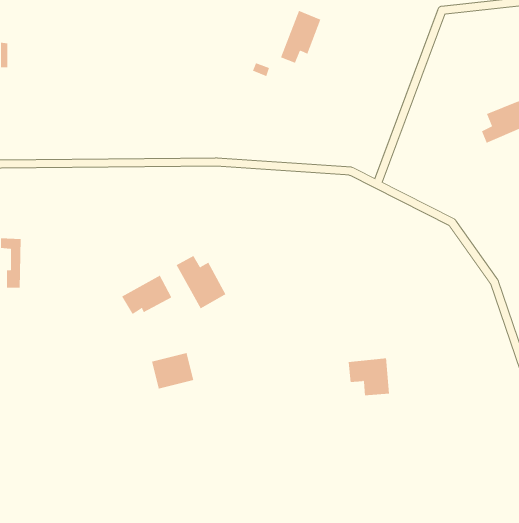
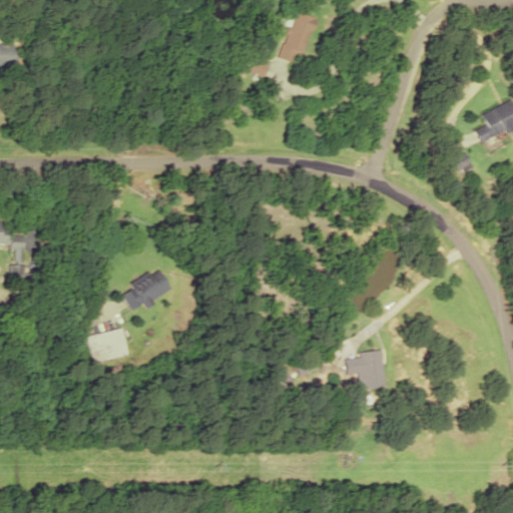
building: [176,255,226,309] -> none
building: [151,352,194,389] -> [87,328,129,364]

